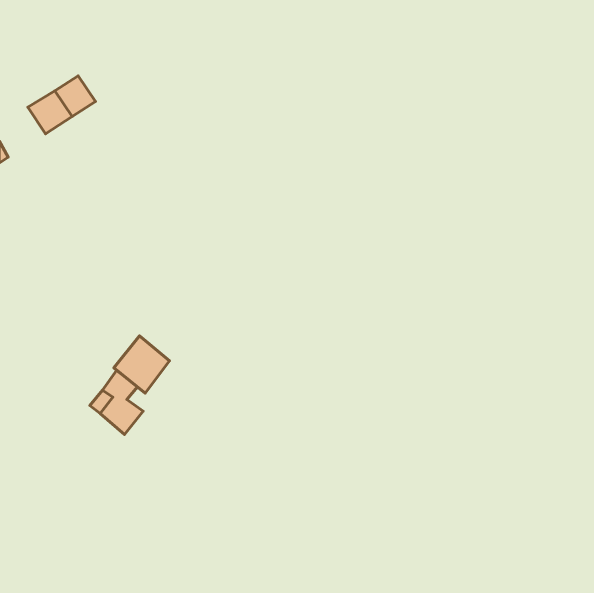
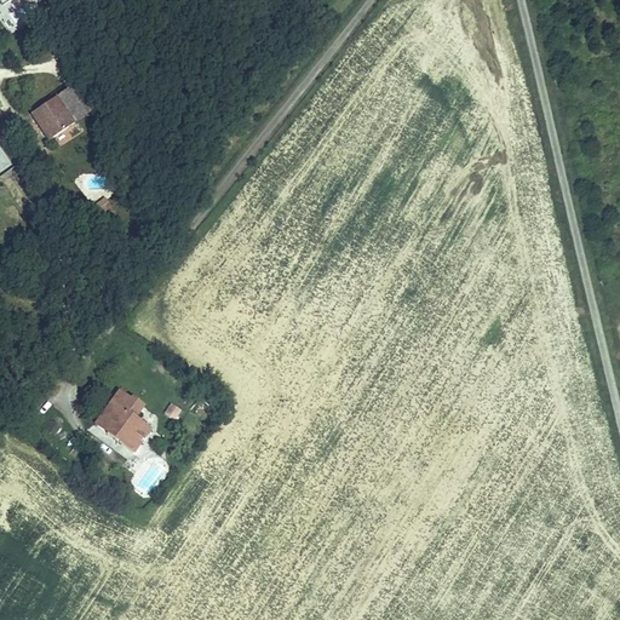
building: [114,336,169,393] -> none

